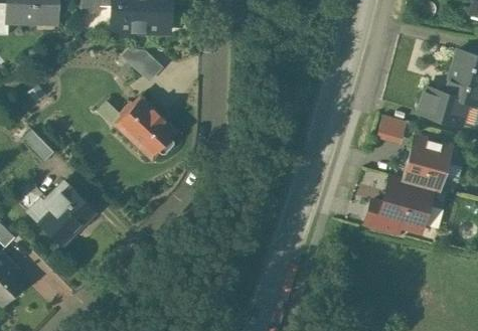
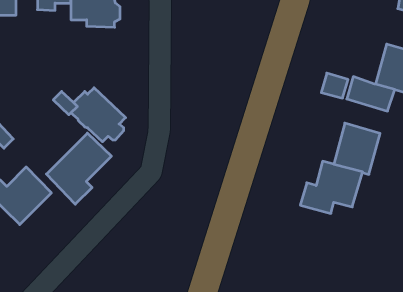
building: [125,42,165,81] -> none
building: [377,116,407,143] -> [321,73,348,98]
building: none -> [46,133,111,204]

